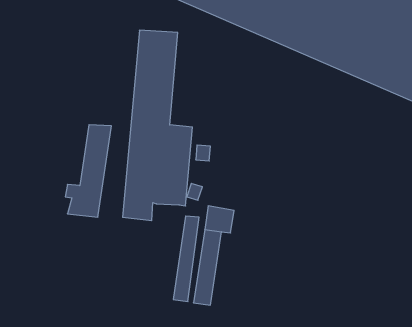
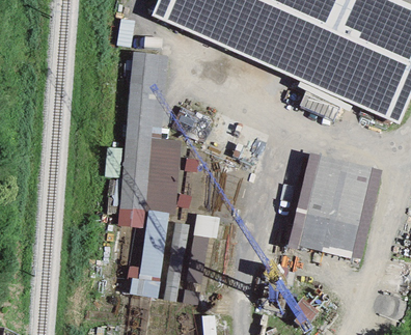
building: [65,125,111,217] -> [126,213,168,298]
building: none -> [298,156,372,259]

